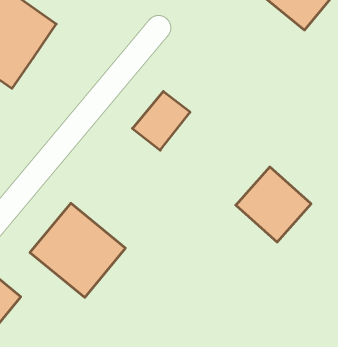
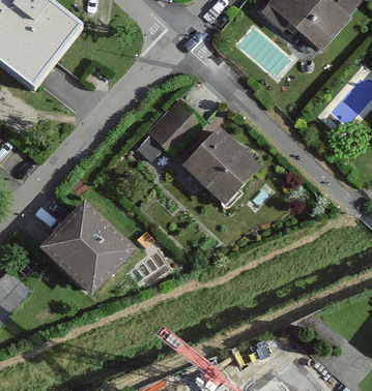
building: [236,167,311,242] -> [185,127,259,201]

